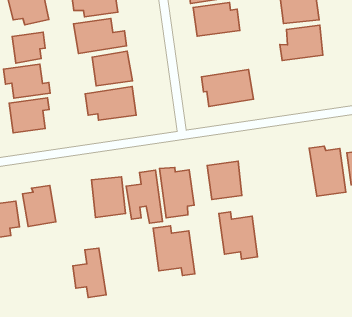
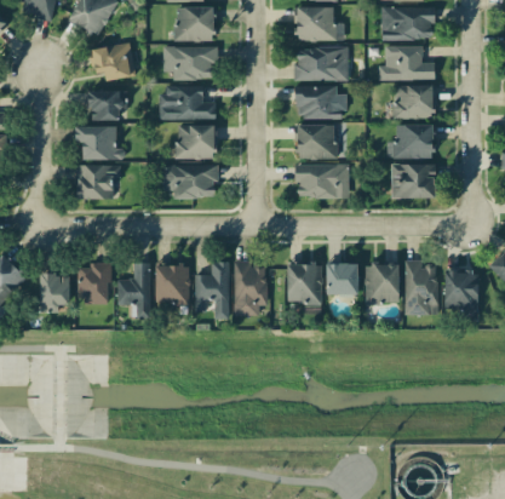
building: none -> [297,124,346,160]
building: none -> [391,164,435,199]
building: none -> [365,263,398,304]
building: none -> [326,263,357,294]
building: [219,212,258,259] -> none
building: [153,226,195,275] -> none
building: [73,248,106,297] -> [117,263,150,316]

